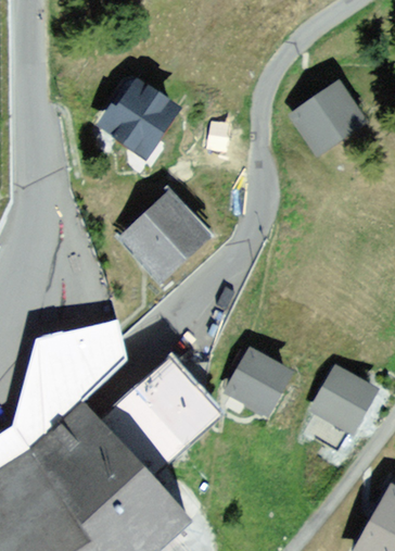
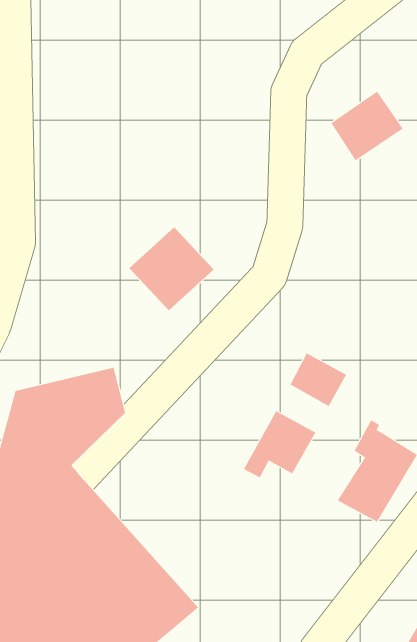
building: [107,87,173,151] -> none
building: none -> [290,353,347,407]
building: [102,354,224,474] -> none

